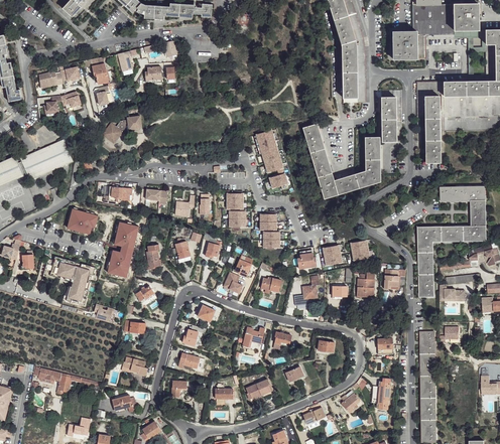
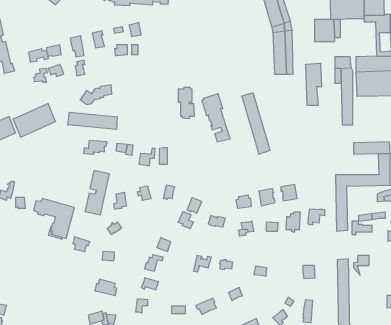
building: [334,140,380,196] -> none
building: none -> [68,112,117,129]
building: [226,190,246,229] -> [178,87,195,118]
building: [68,208,98,234] -> none
building: [260,210,280,249] -> none
building: [34,366,72,394] -> none

